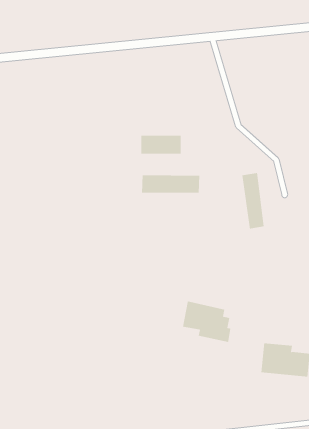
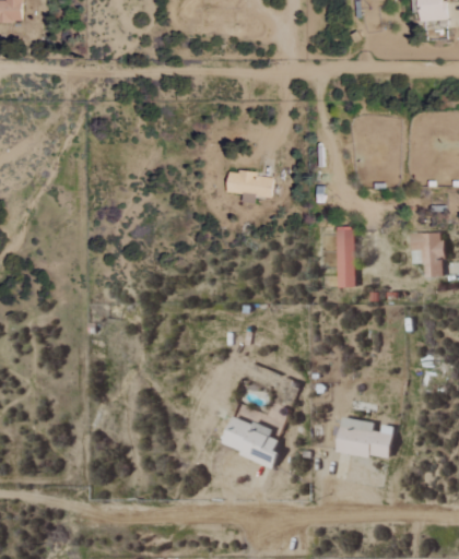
building: [141,174,200,193] -> none
building: [182,301,231,342] -> [221,415,275,466]

